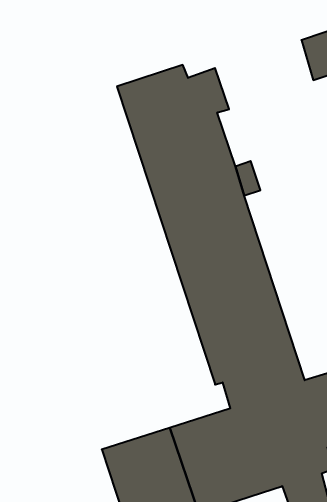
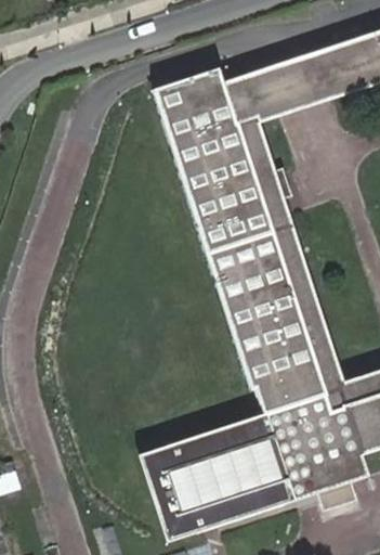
building: none -> [254,43,353,113]

